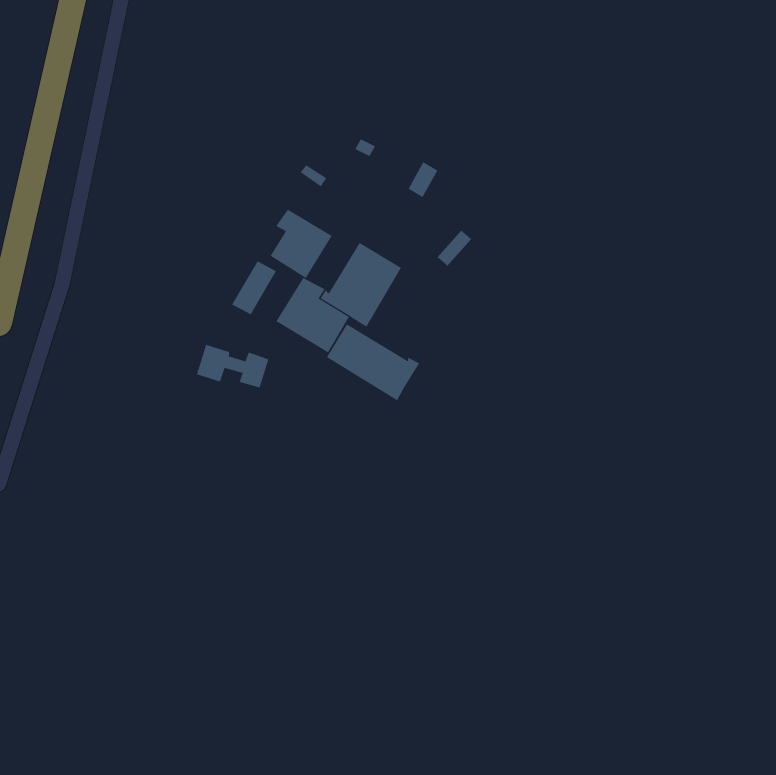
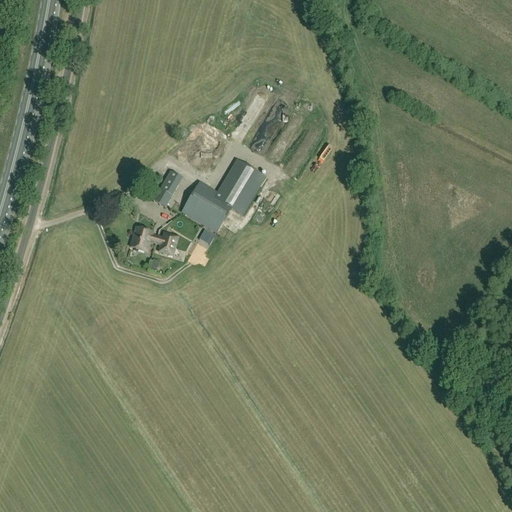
building: [270,209,332,279] -> none
building: [326,323,420,401] -> none

